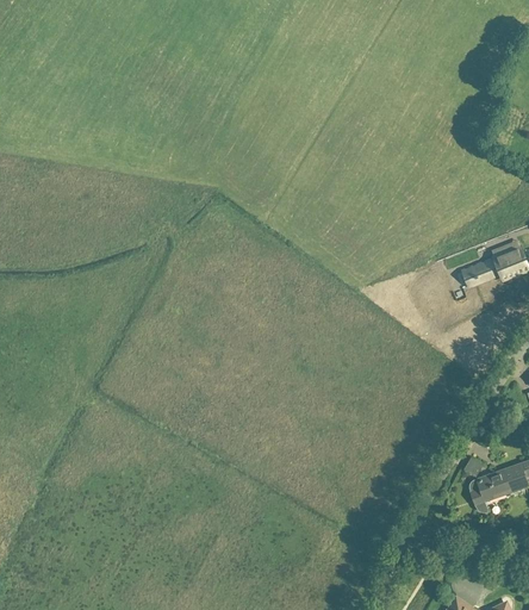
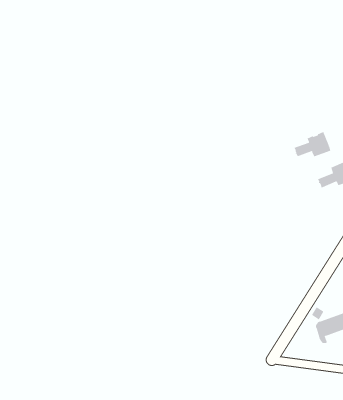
building: none -> [289,131,331,158]

